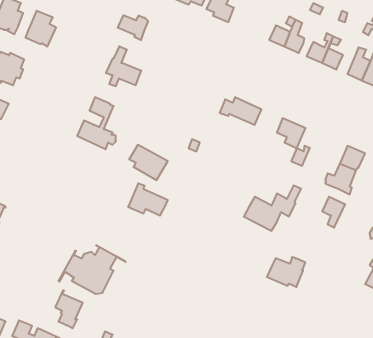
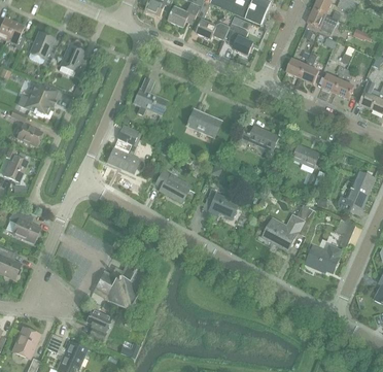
building: [118,15,148,40] -> none
building: none -> [185,108,220,136]
building: [128,183,168,216] -> [201,188,238,217]
building: [267,257,305,287] -> [305,244,341,272]

